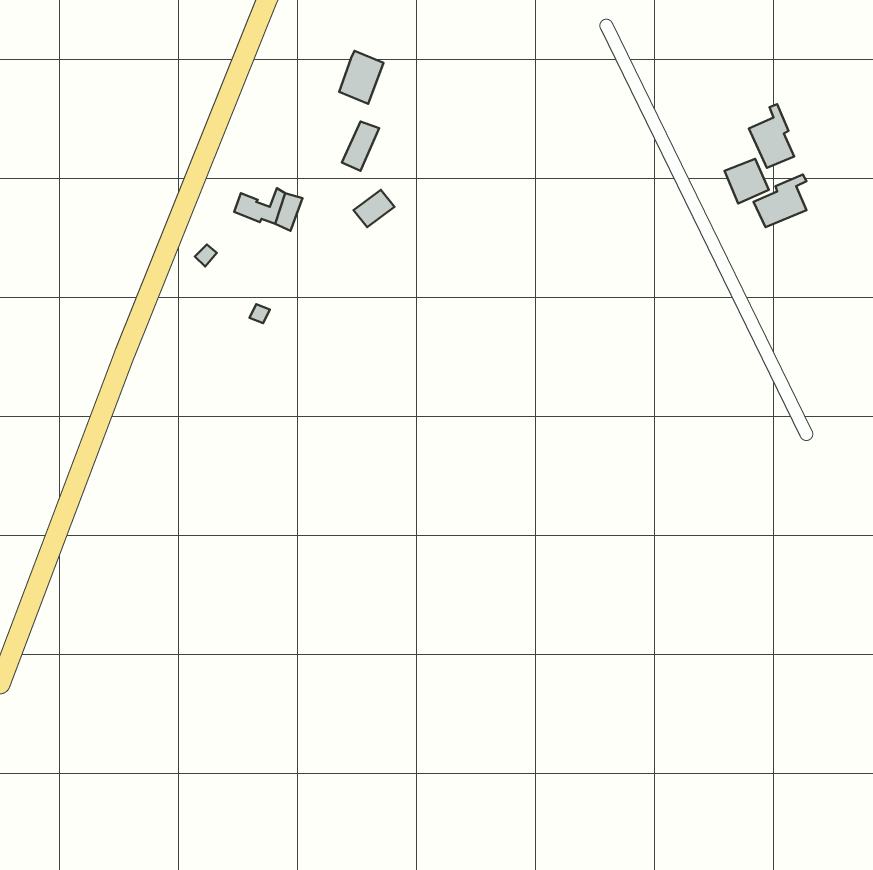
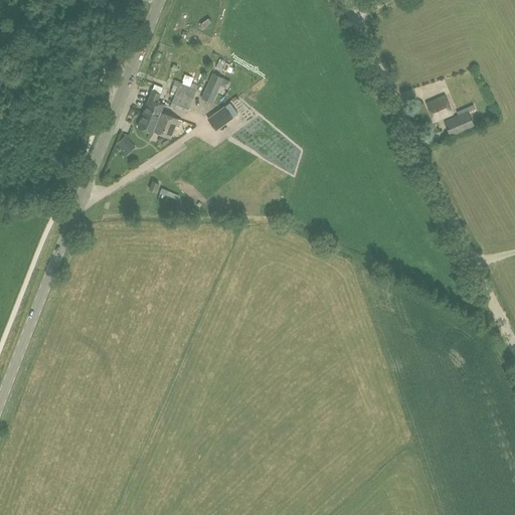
building: [339,51,383,104] -> [170,80,196,112]
building: [749,104,794,168] -> none
building: none -> [142,89,164,122]

